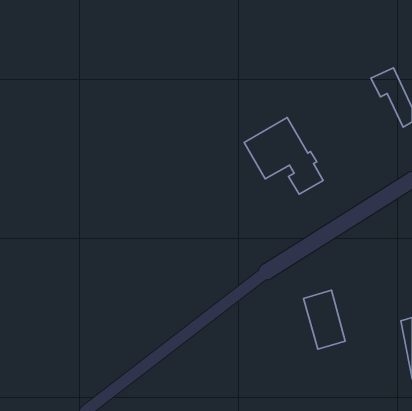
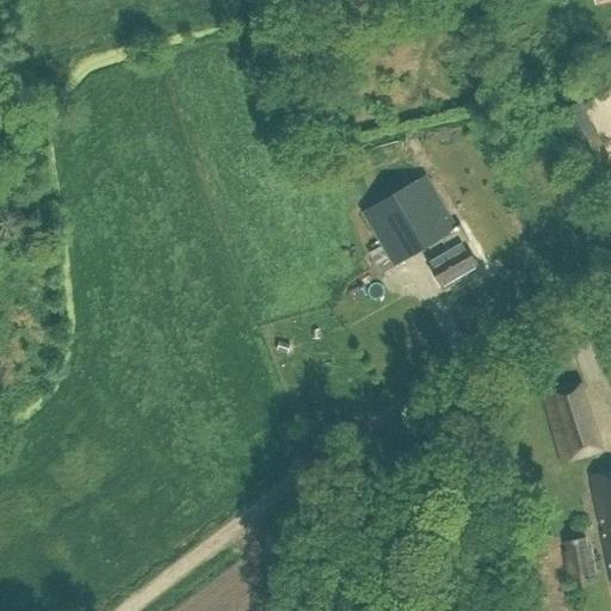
building: [303,290,345,349] -> [541,377,603,464]
building: none -> [563,536,597,576]

